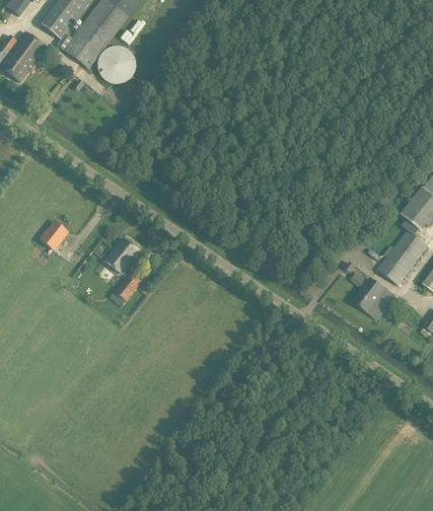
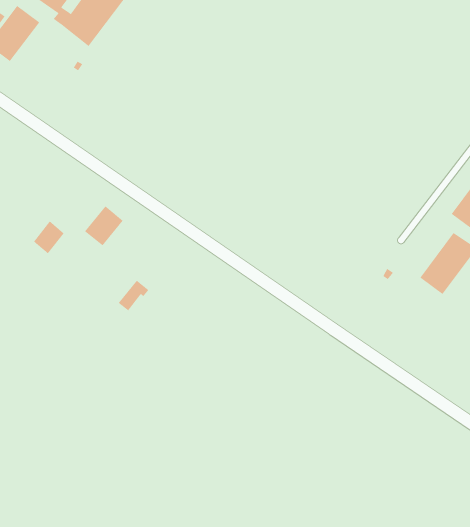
building: [96,46,135,84] -> none
building: [103,237,138,273] -> [84,206,124,246]
building: [351,278,393,319] -> none

